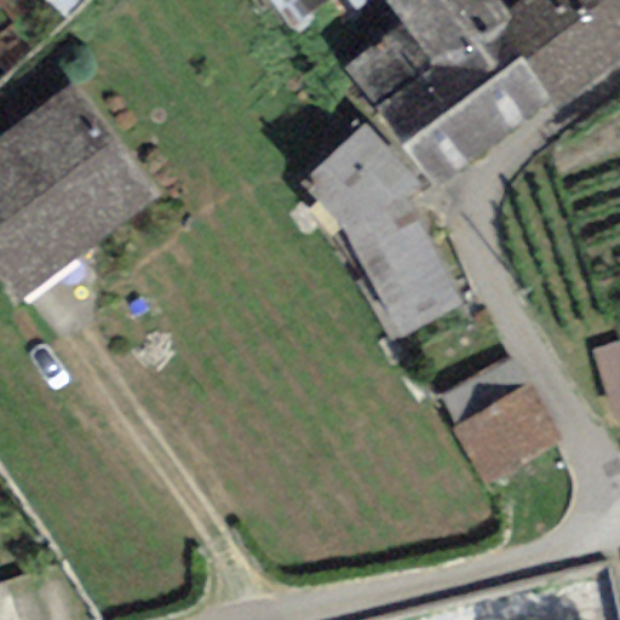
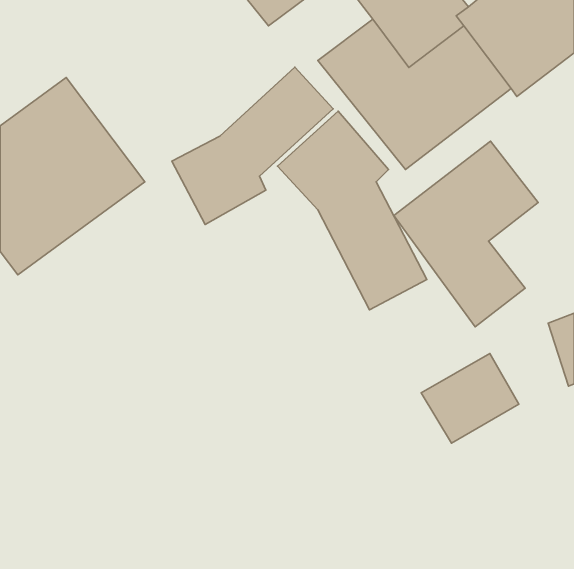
building: none -> [172,67,333,225]
building: none -> [394,141,538,327]

